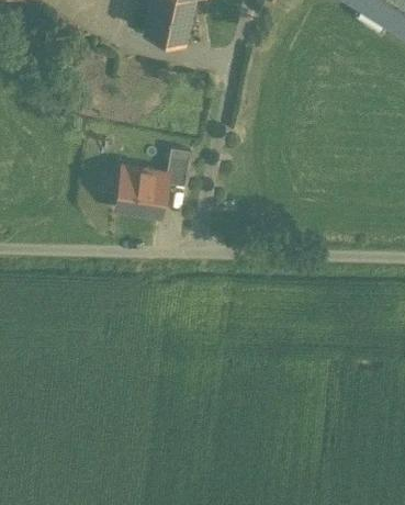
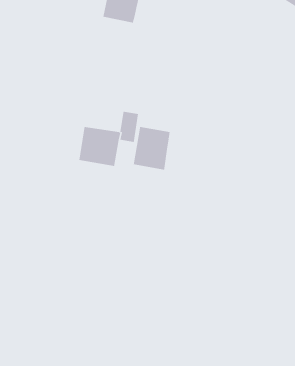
building: none -> [133,126,170,171]

